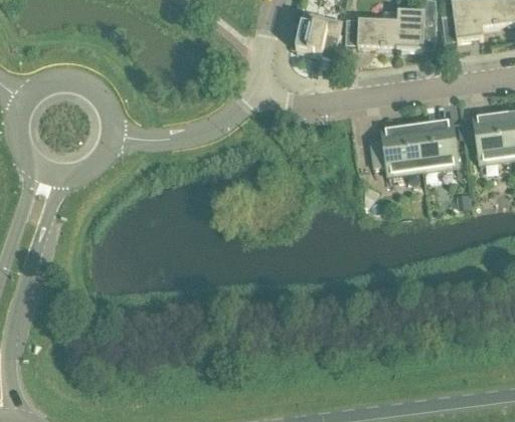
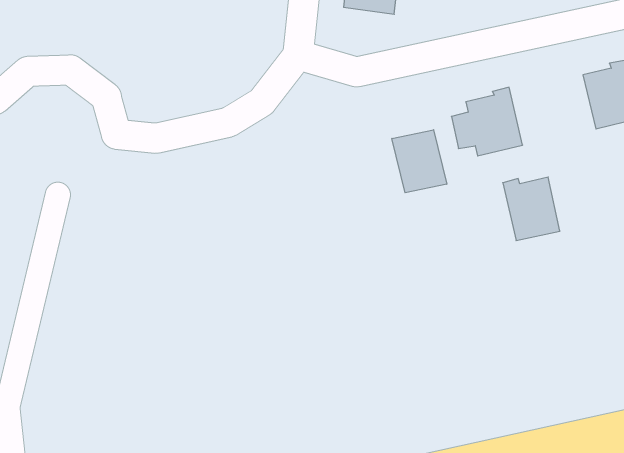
building: [417,120,458,167] -> [503,177,560,241]
building: none -> [392,130,447,193]

